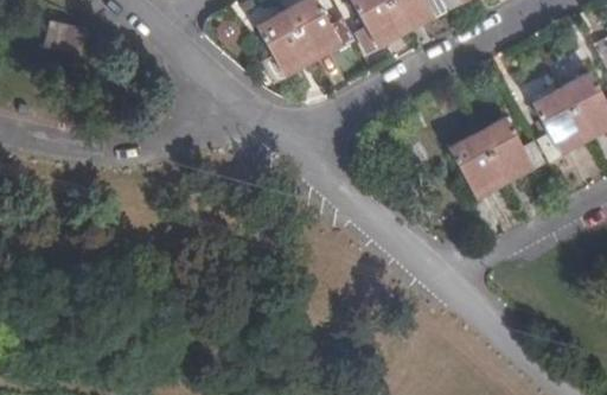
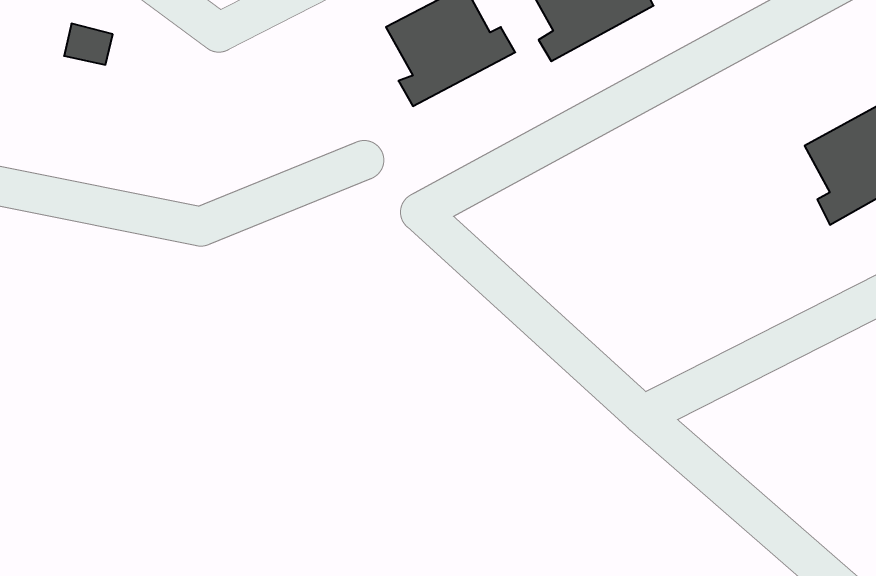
building: [452,117,538,197] -> none

